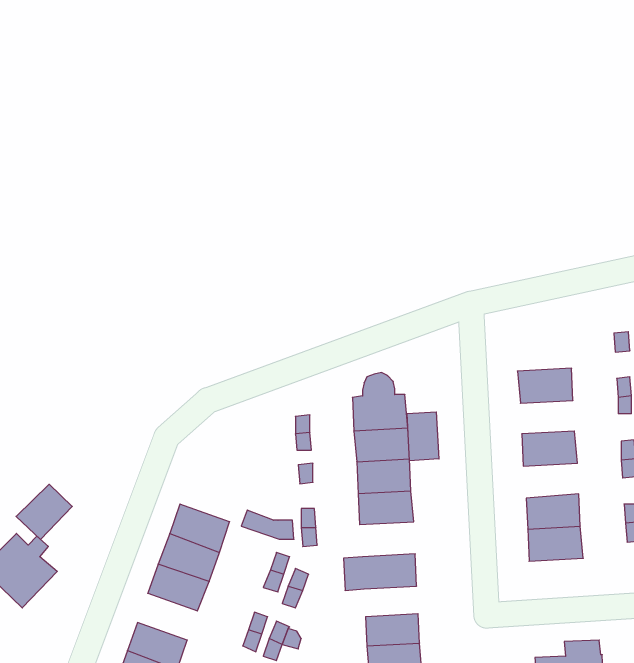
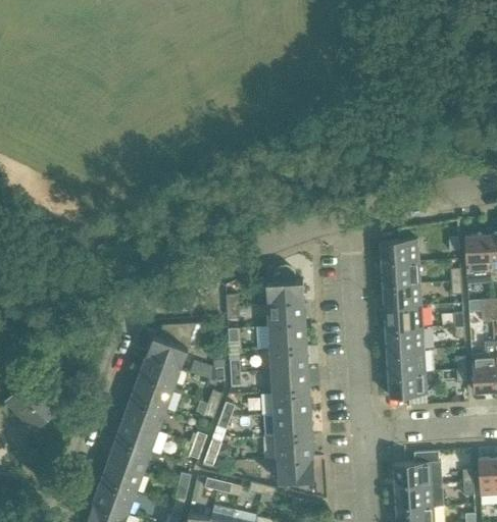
building: none -> [380,241,418,265]
building: none -> [383,285,420,309]
building: [407,412,439,461] -> none
building: none -> [145,324,202,370]
building: none -> [385,329,424,354]
building: [16,484,72,539] -> none
building: none -> [270,370,309,395]
building: none -> [274,415,311,436]
building: none -> [115,420,168,456]

